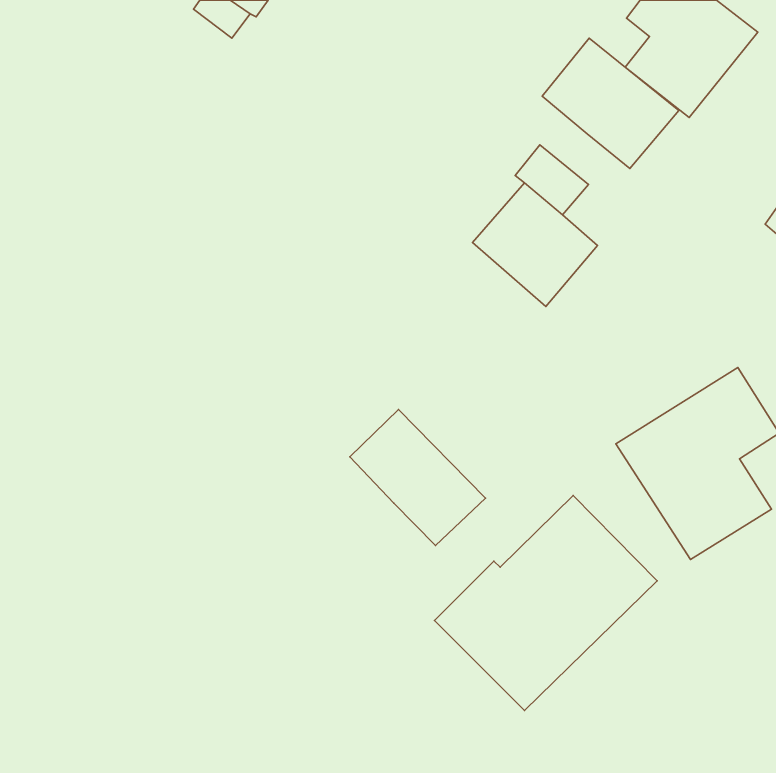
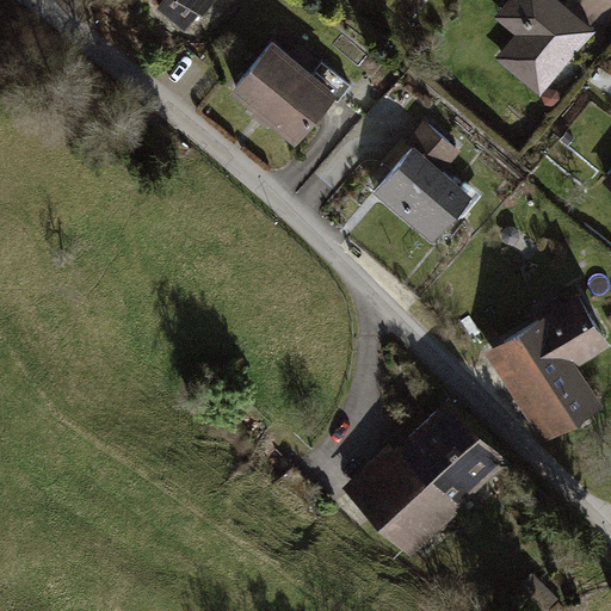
building: [542,38,679,169] -> none
building: none -> [229,38,338,144]
building: [350,409,486,546] -> none

